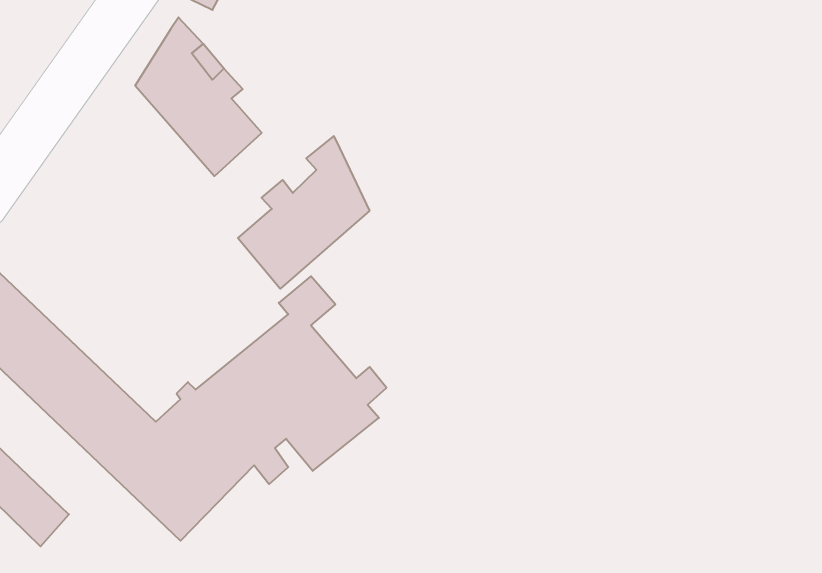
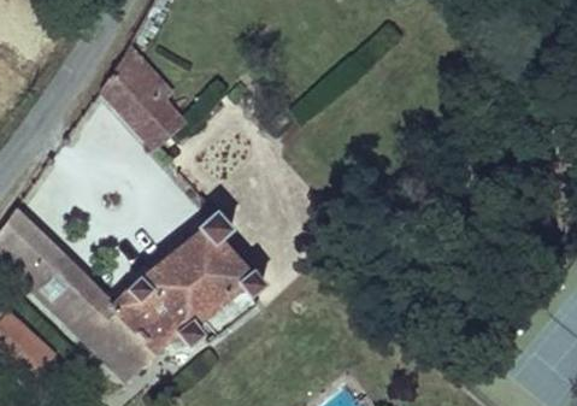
building: [238,136,369,289] -> none

